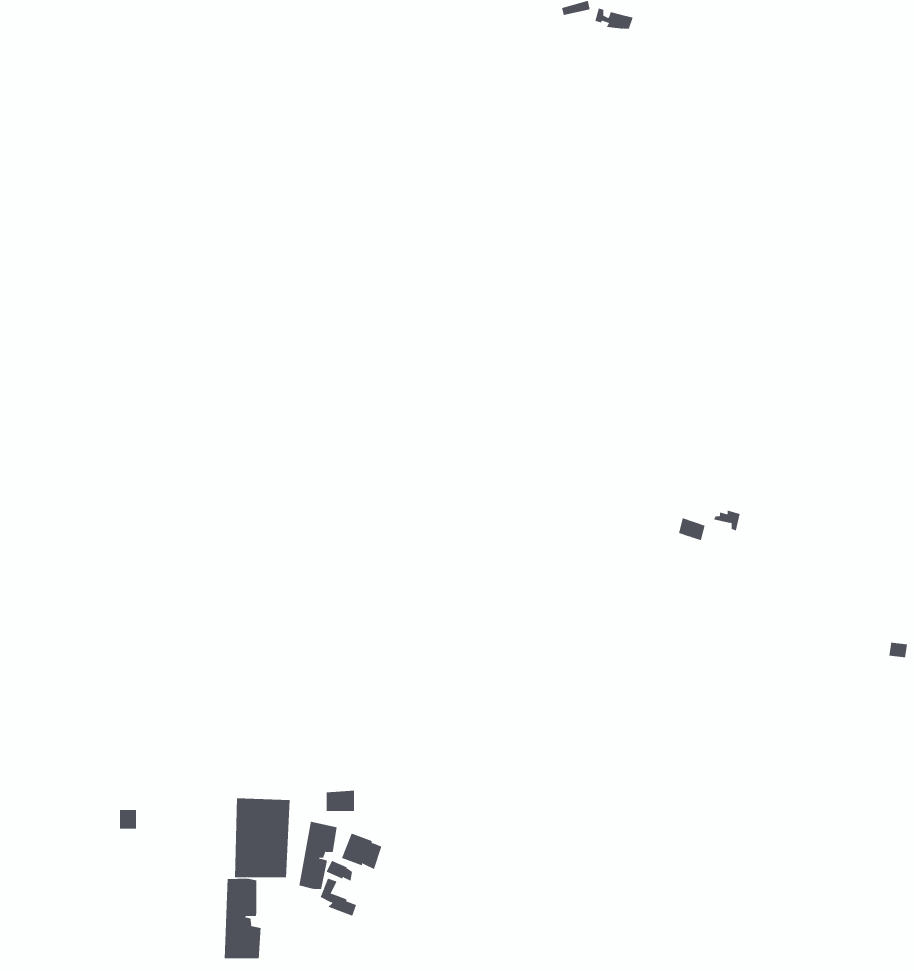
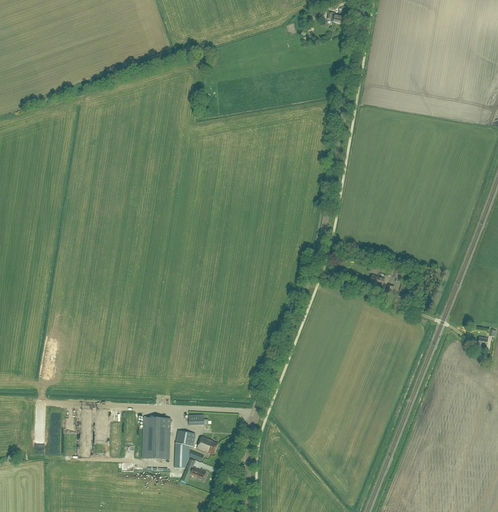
building: [224,878,261,959] -> none

